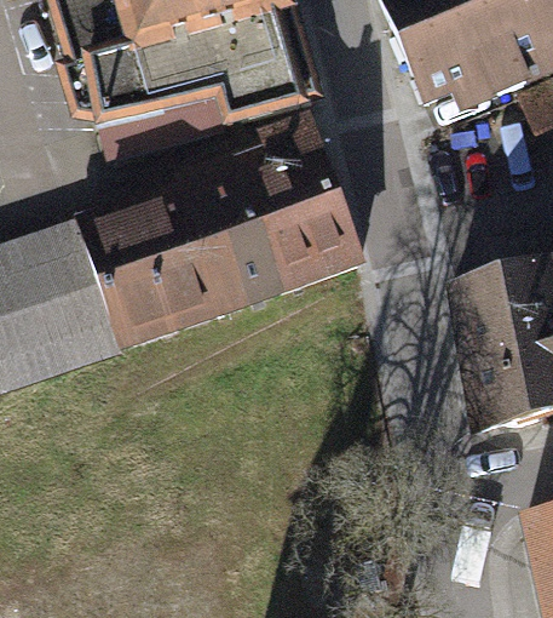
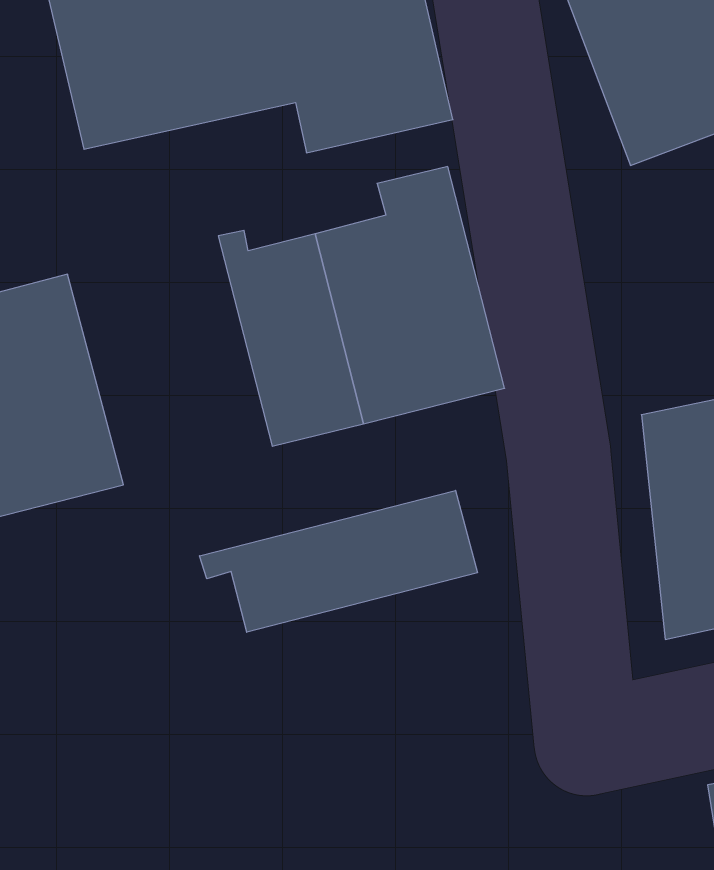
building: [74,183,218,353] -> none
building: none -> [200,490,477,632]

